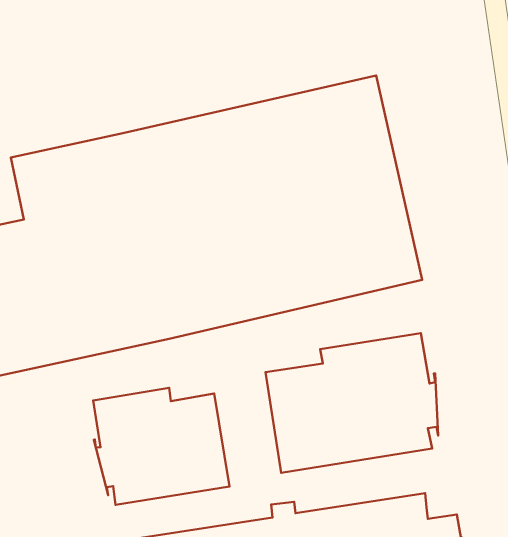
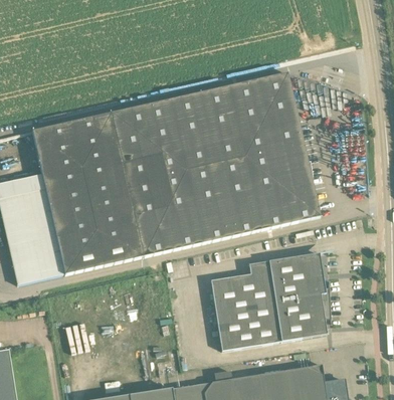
building: [93,388,229,505] -> none

